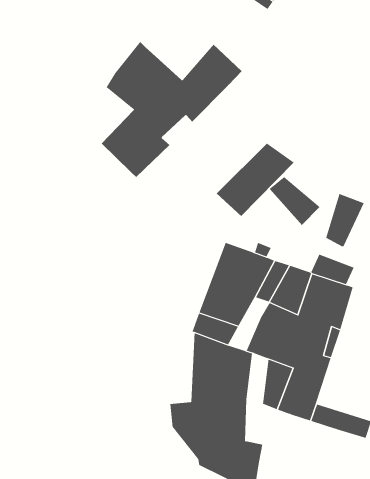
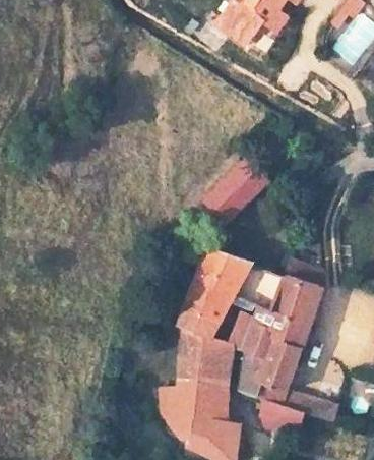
building: [101,41,242,178] -> none
building: [269,176,320,226] -> none
building: [326,193,365,247] -> none
building: none -> [257,400,306,434]

